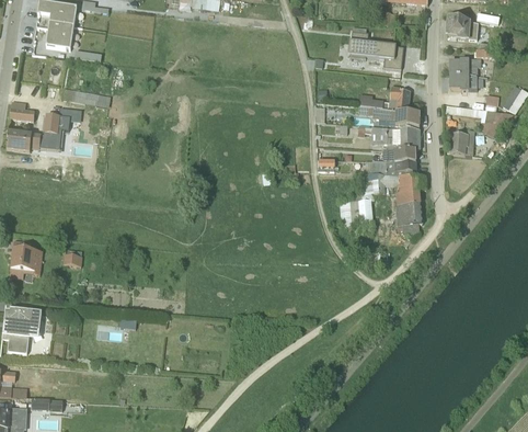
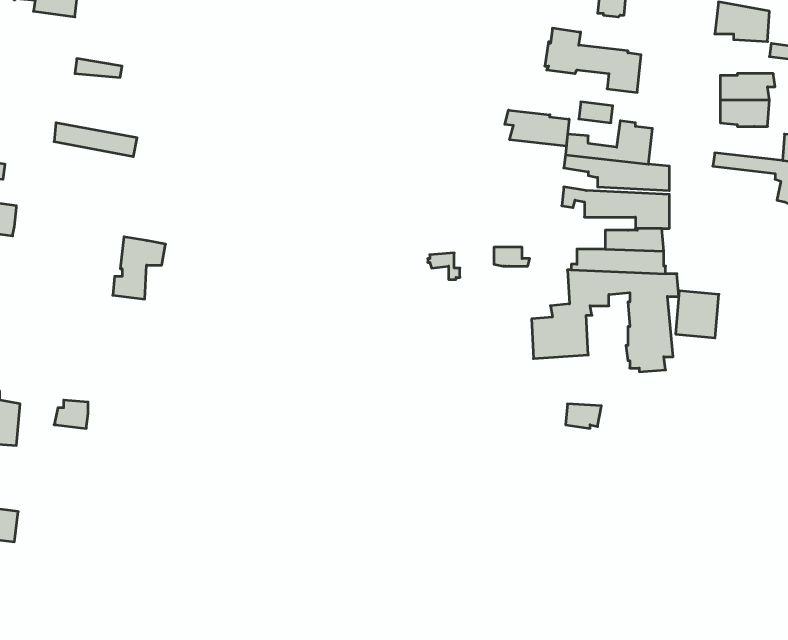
building: [46,22,74,49] -> none
building: none -> [505,110,569,146]
building: [39,113,70,149] -> [113,237,166,299]
building: [449,127,474,155] -> [676,291,719,338]

